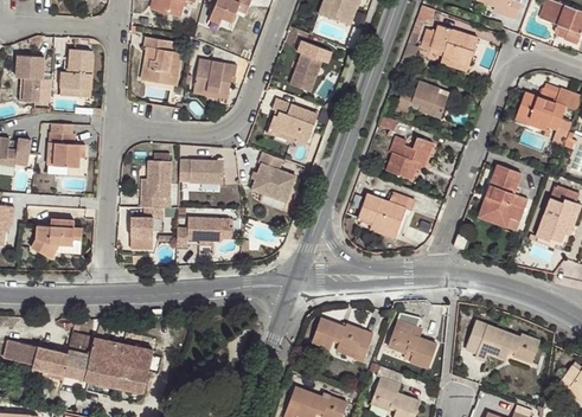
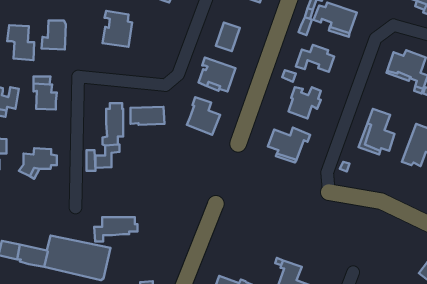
building: [193,59,236,95] -> none
building: [178,220,235,252] -> [94,217,137,241]
building: [388,313,437,368] -> none
building: [311,317,373,361] -> none
building: [465,320,539,363] -> none

